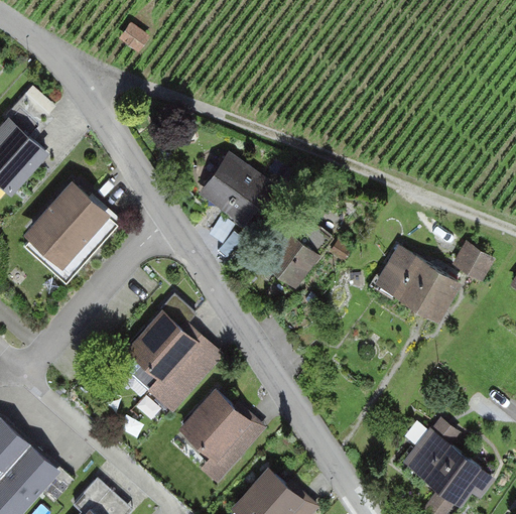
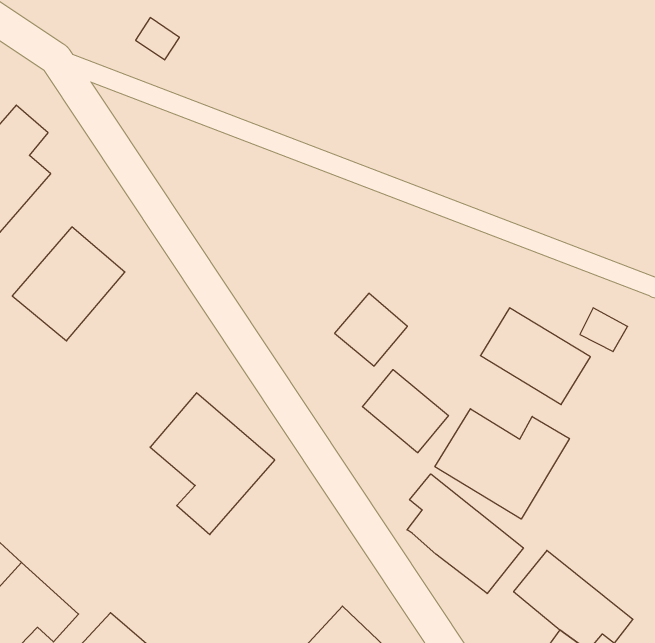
building: [200,155,277,231] -> none
building: none -> [362,370,448,453]
building: none -> [435,409,569,519]
building: none -> [407,474,523,594]
building: [180,392,261,488] -> none

